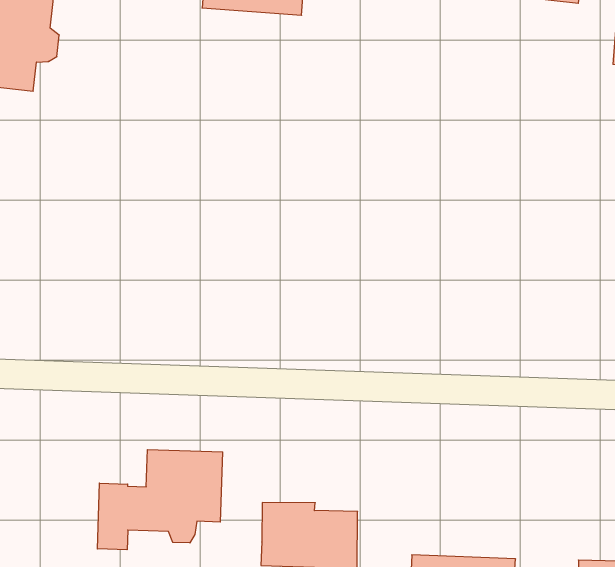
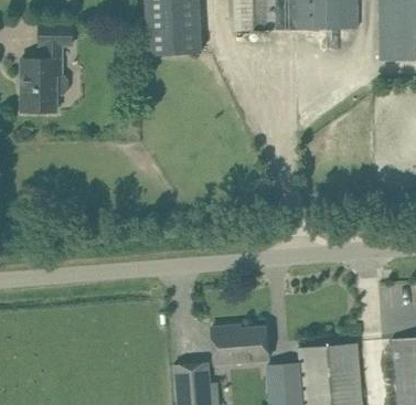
building: [97,450,223,550] -> none

